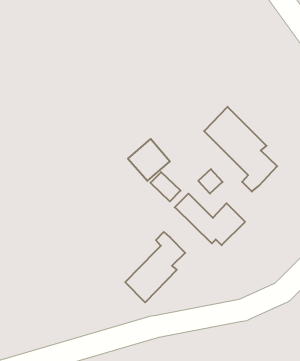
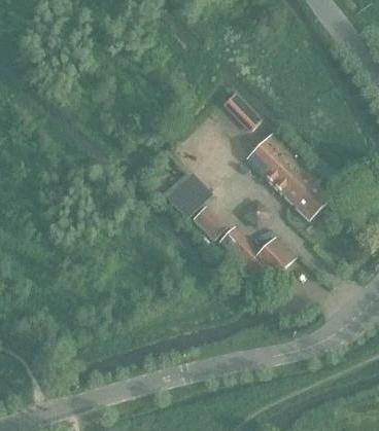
building: none -> [222,92,261,130]
building: [125,232,185,302] -> none

